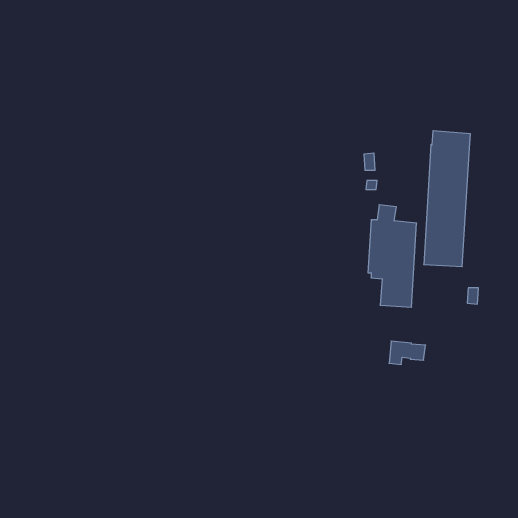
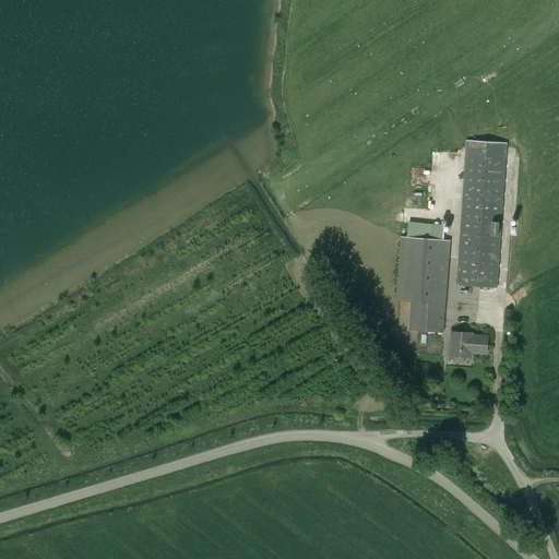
building: [389,341,426,364] -> [449,332,488,357]

